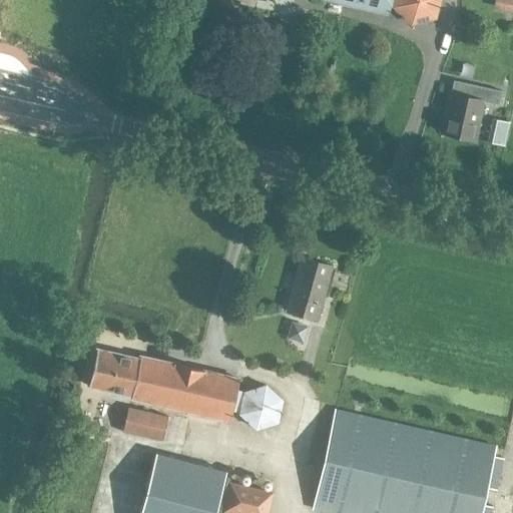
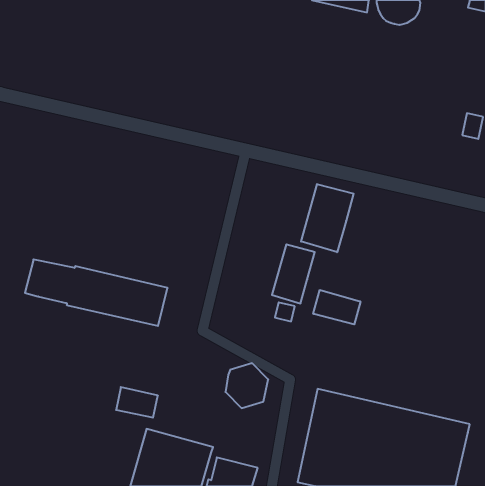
building: [442,85,502,139] -> none
building: none -> [301,184,354,252]
building: none -> [313,290,360,324]
building: [90,350,240,420] -> [25,259,168,326]

